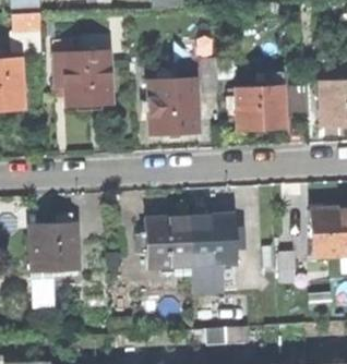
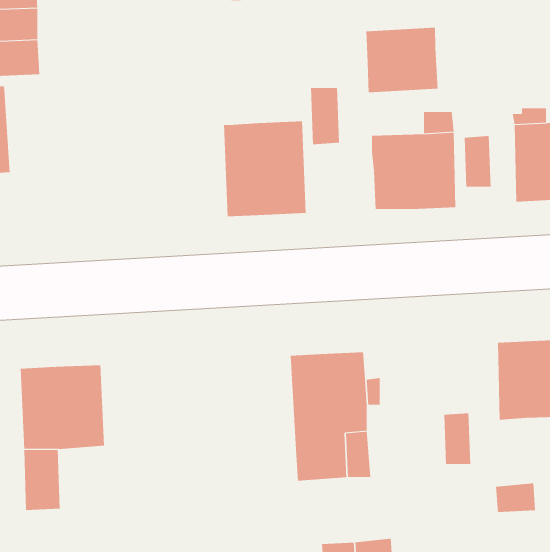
building: none -> [366,27,438,93]
building: [53,39,111,105] -> none
building: [145,216,192,276] -> none

